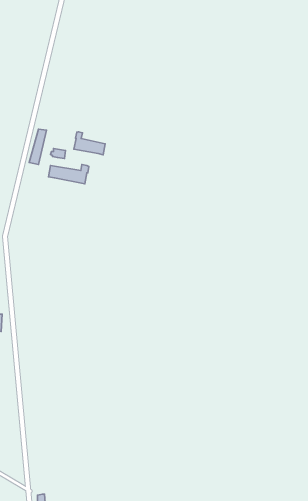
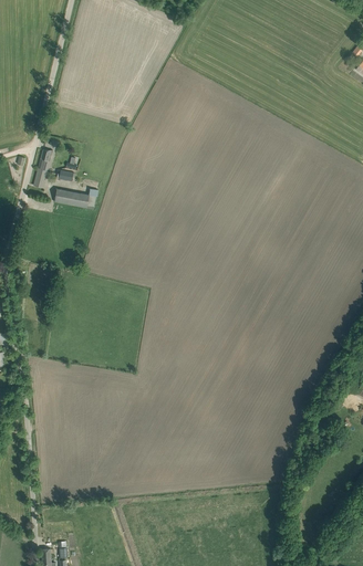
building: [74,132,105,155] -> none

